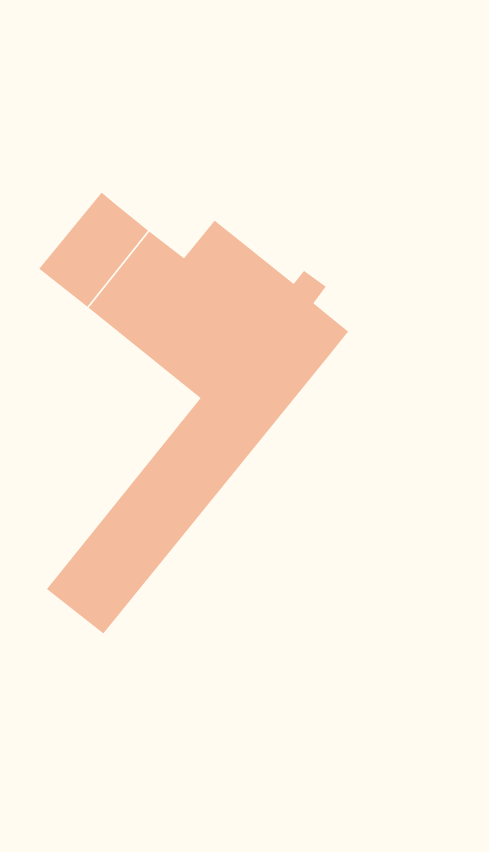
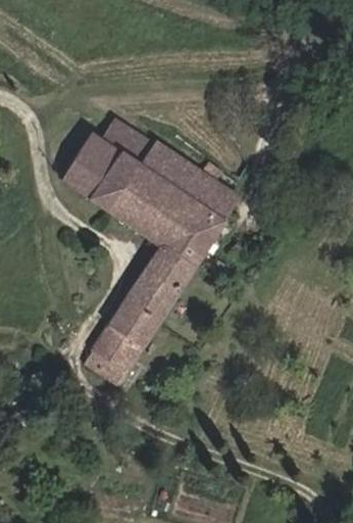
building: none -> [100,118,155,165]

